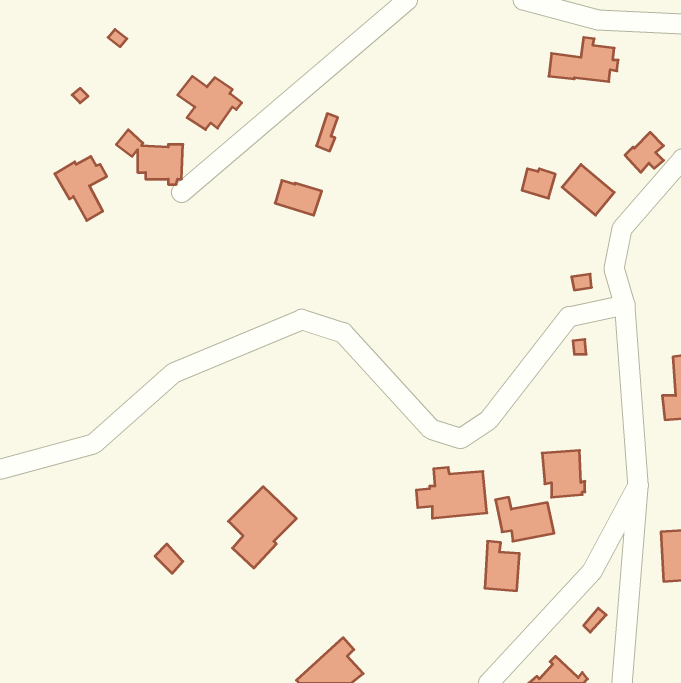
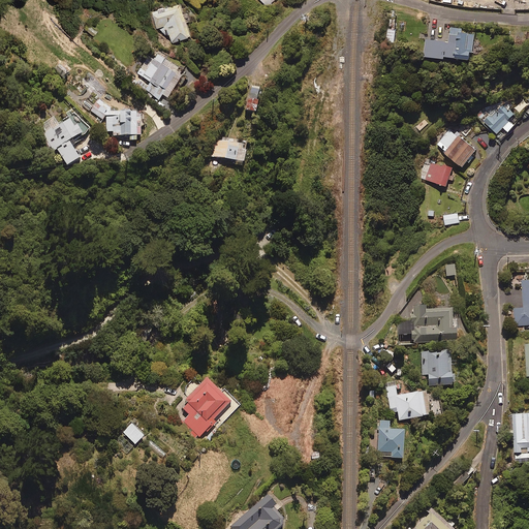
building: none -> [154,6,192,43]
building: [522,169,555,198] -> [427,162,453,185]
building: [416,467,487,518] -> [399,303,454,342]

